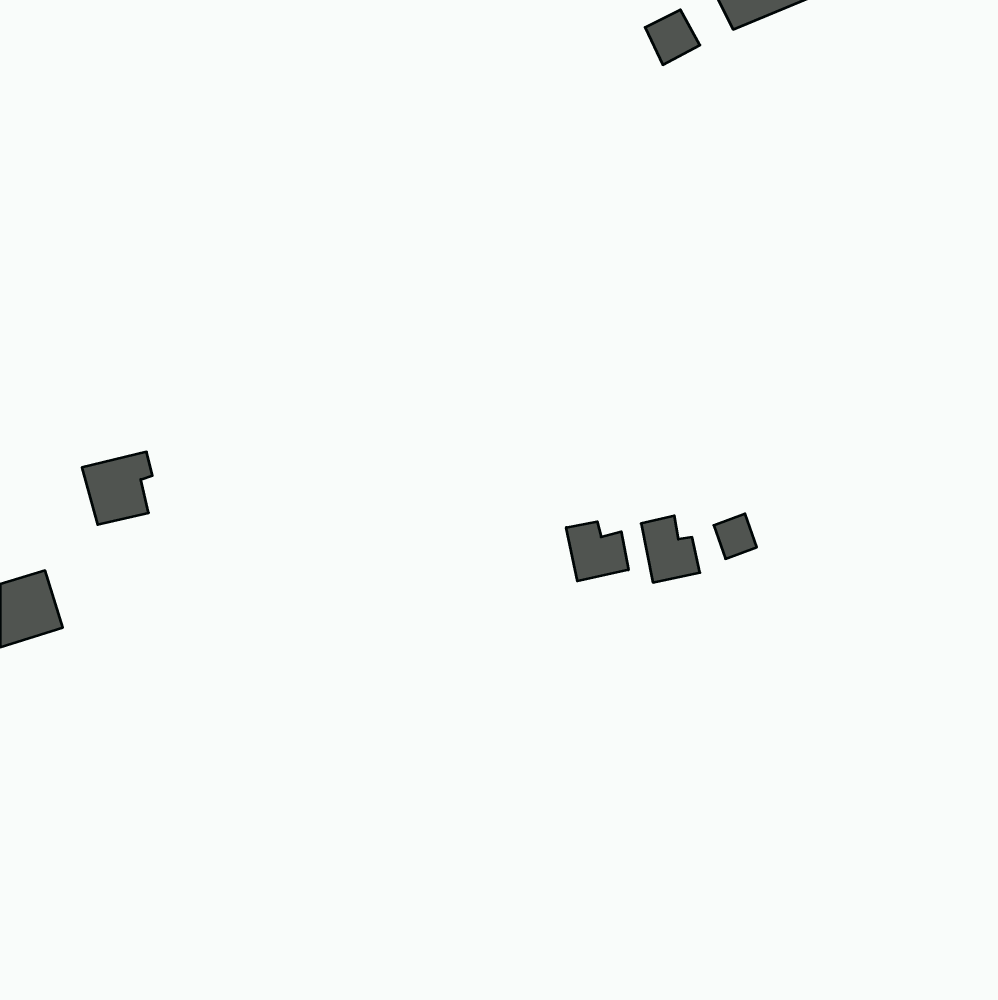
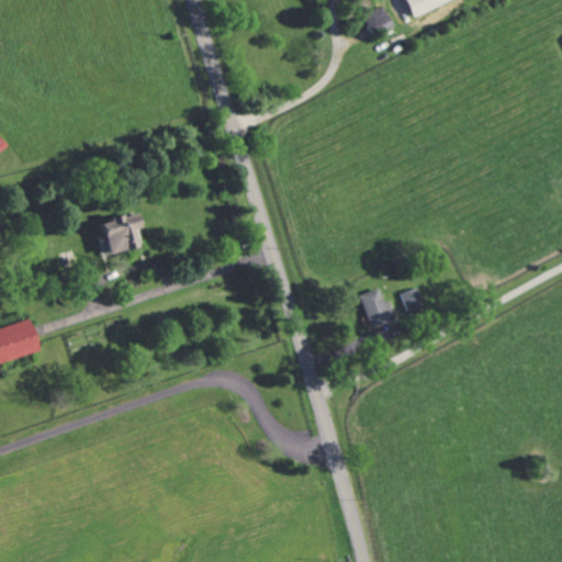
building: [82,452,152,525] -> [99,214,138,255]
building: [566,522,628,581] -> none

